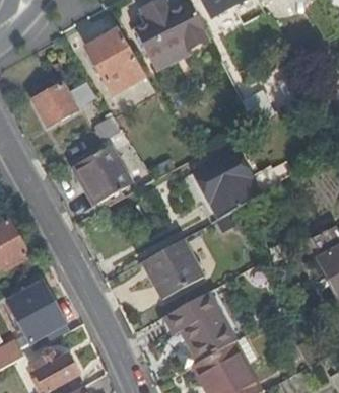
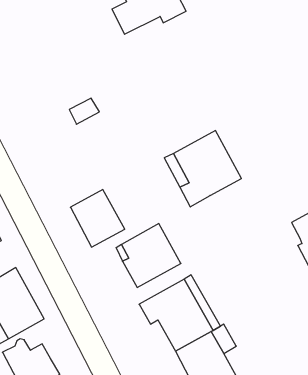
building: [86,26,145,92] -> none
building: [32,83,75,125] -> none
building: [75,146,128,202] -> [70,190,125,247]

